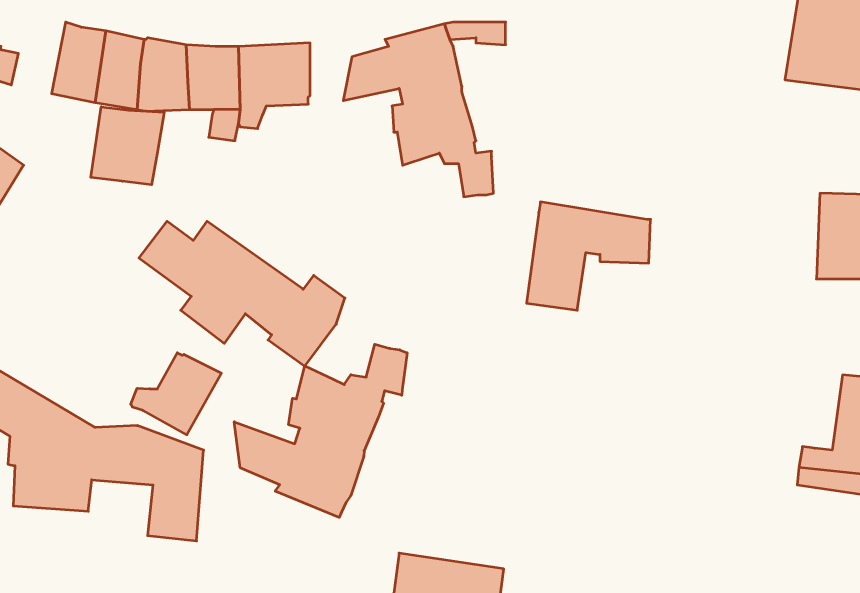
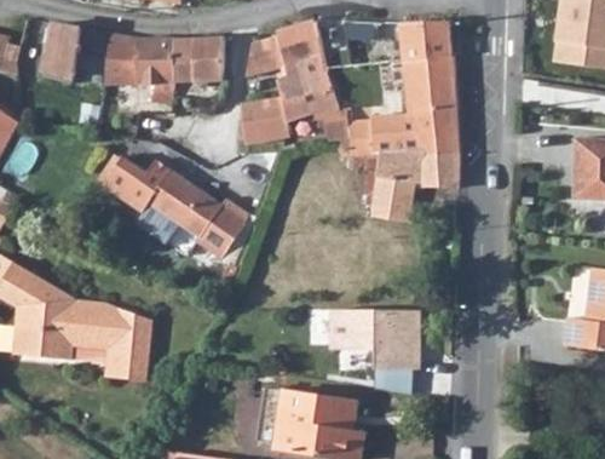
building: none -> [339,22,456,159]
building: [91,107,164,185] -> none
building: none -> [241,98,289,144]
building: [234,344,407,517] -> none
building: [131,353,221,435] -> none
building: none -> [321,308,424,373]

